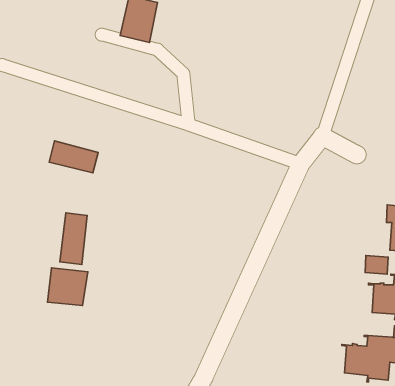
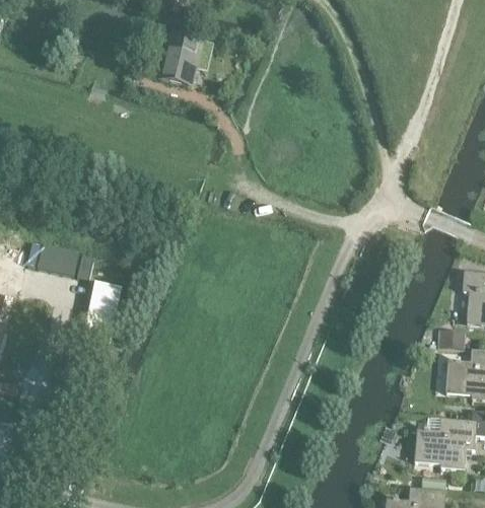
building: [49,141,98,173] -> [42,239,97,276]
building: [47,268,88,306] -> none

